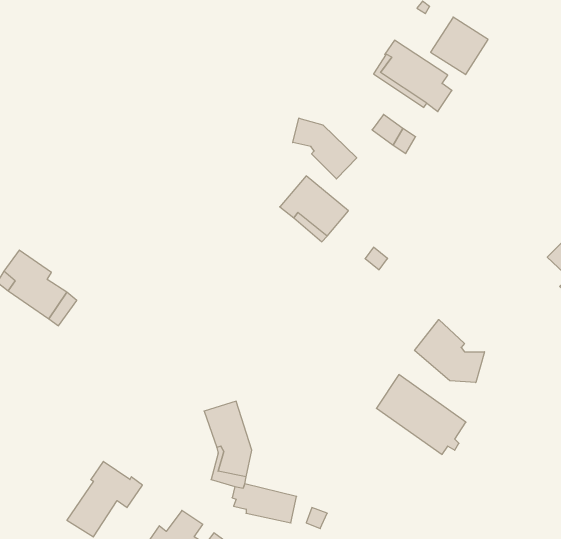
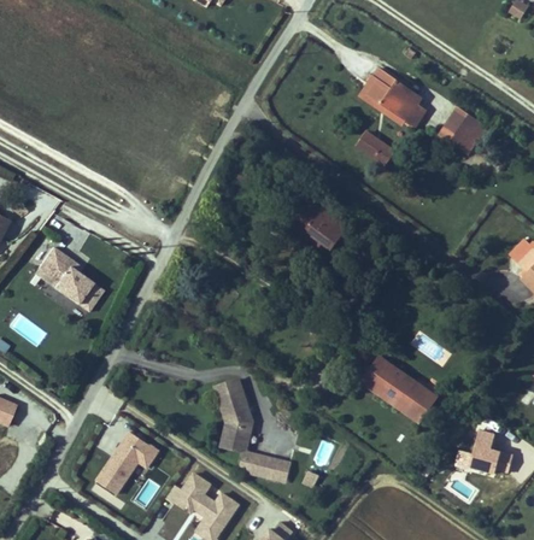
building: [431,17,488,75] -> [438,106,487,155]
building: [293,118,357,179] -> none
building: [415,320,484,383] -> none
building: none -> [469,430,514,475]

